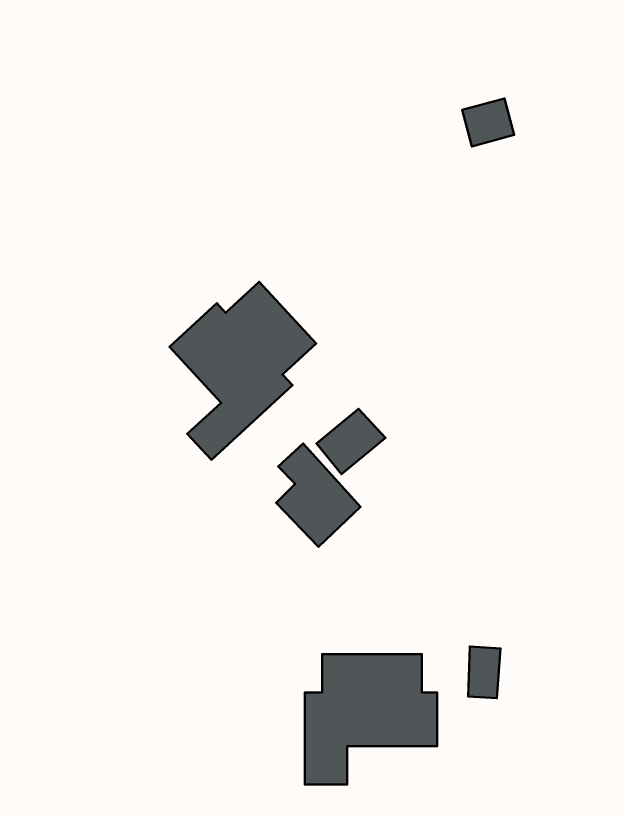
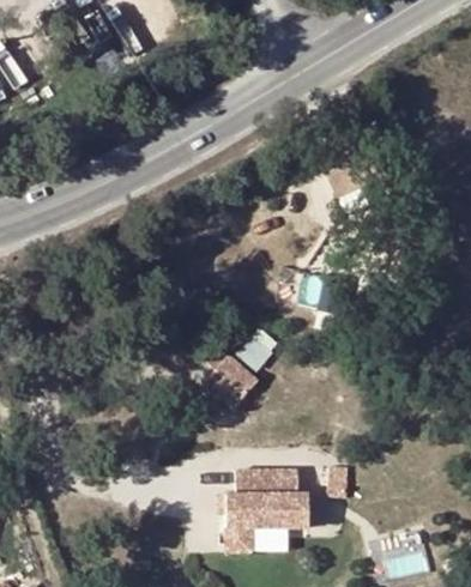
building: [169,282,316,460] -> none

